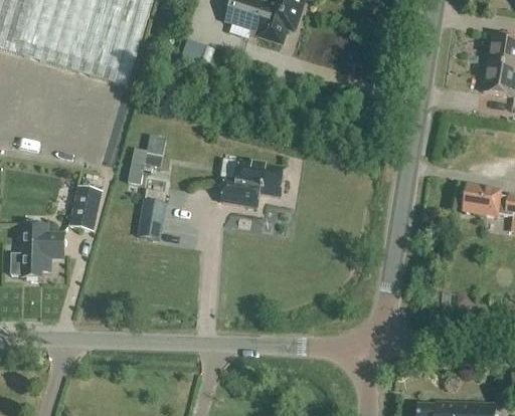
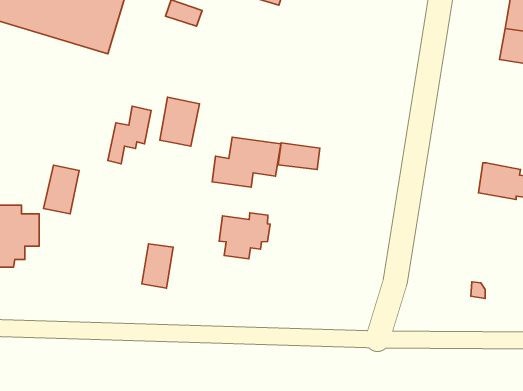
building: none -> [160,97,200,146]
building: none -> [278,143,320,169]
building: [137,199,165,239] -> [142,244,173,288]
building: none -> [219,213,270,259]

